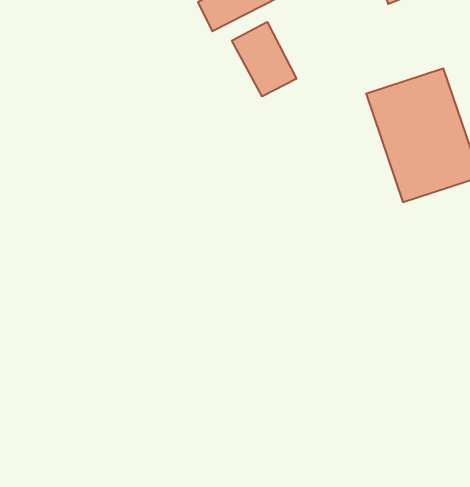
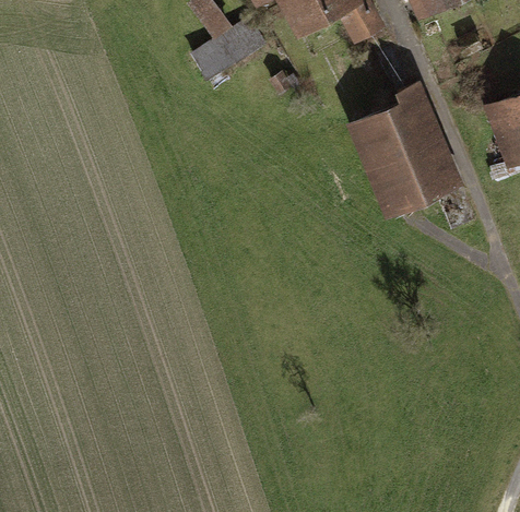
building: [232,22,296,96] -> none

